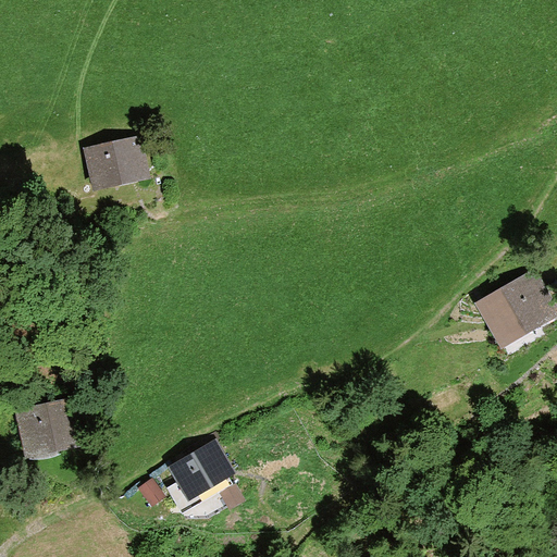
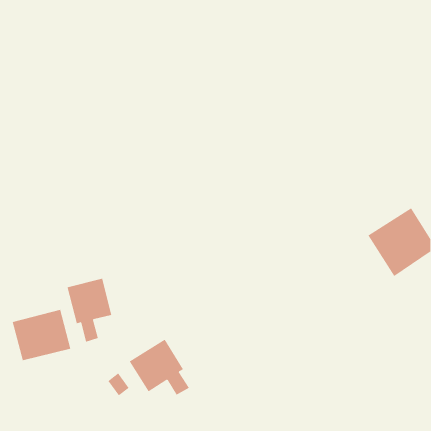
building: [81,132,150,194] -> none
building: none -> [67,278,112,343]

